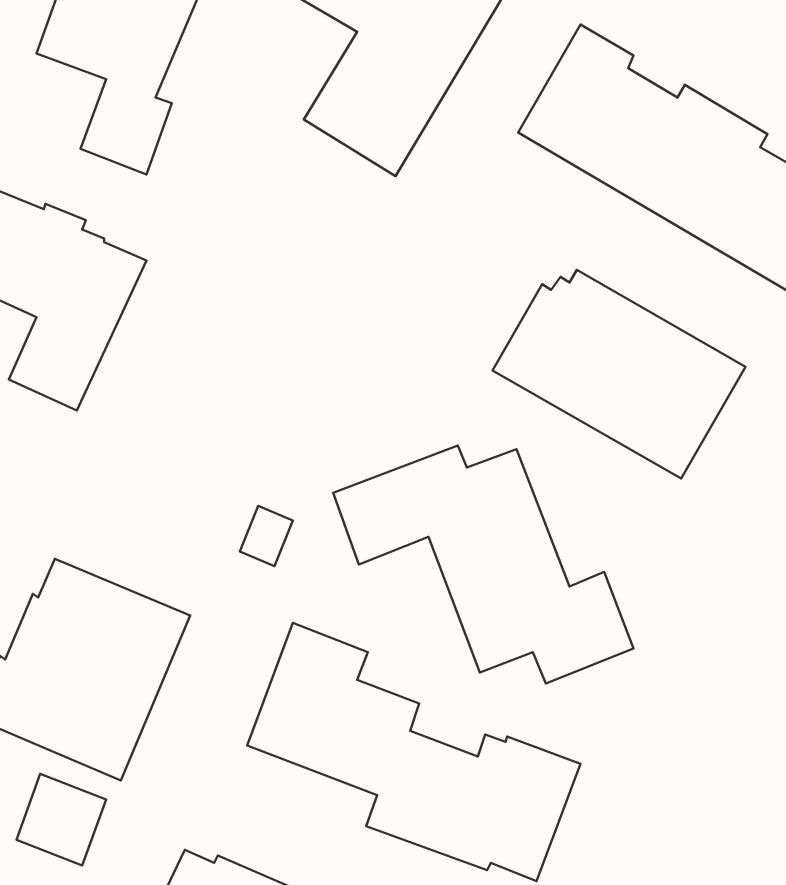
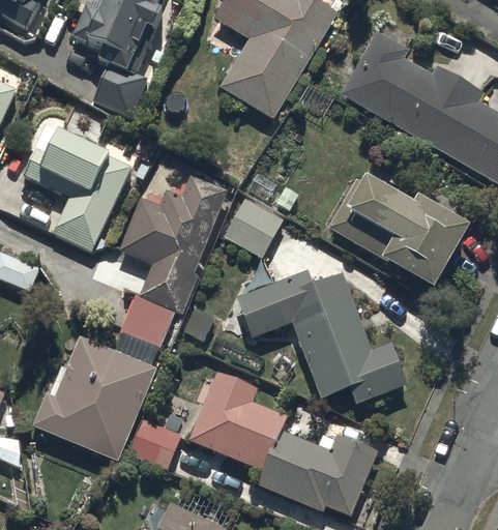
building: none -> [117,168,231,349]
building: none -> [224,197,284,258]
building: [16,774,106,865] -> [130,418,181,470]

